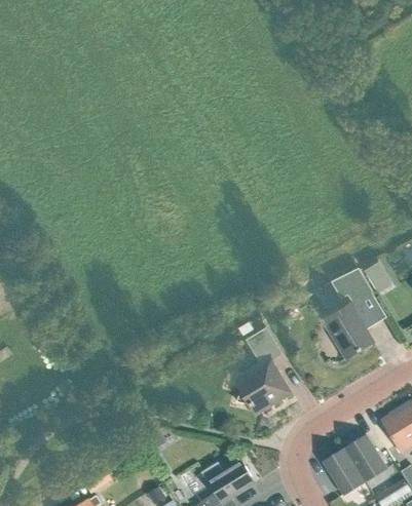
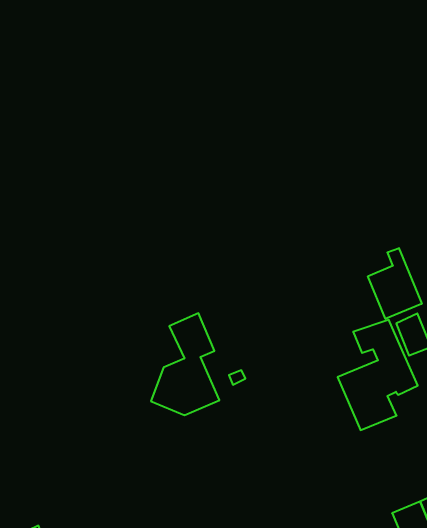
building: none -> [368,248,422,319]
building: [237,327,291,408] -> [151,313,219,415]

